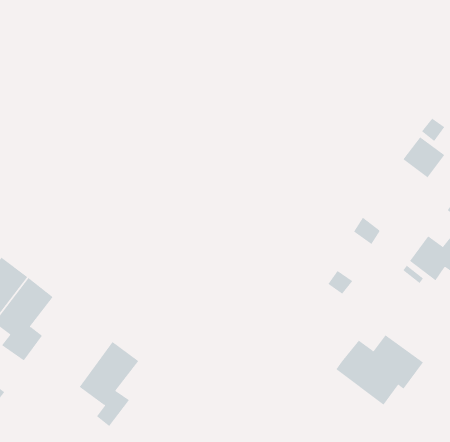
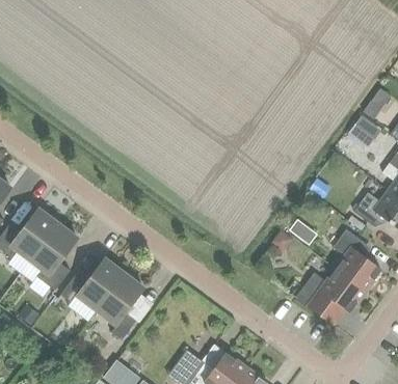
building: none -> [333,229,380,291]
building: none -> [60,258,123,309]

